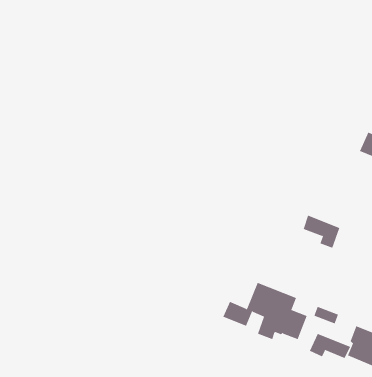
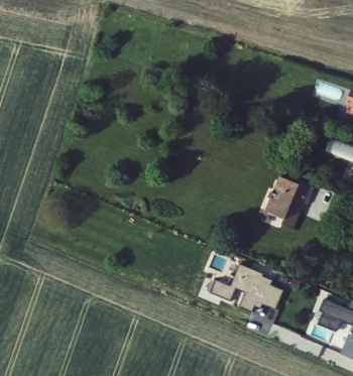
building: none -> [275,180,319,216]
building: [309,333,351,359] -> none

